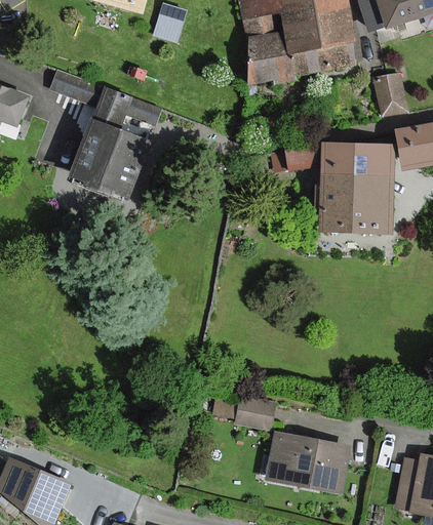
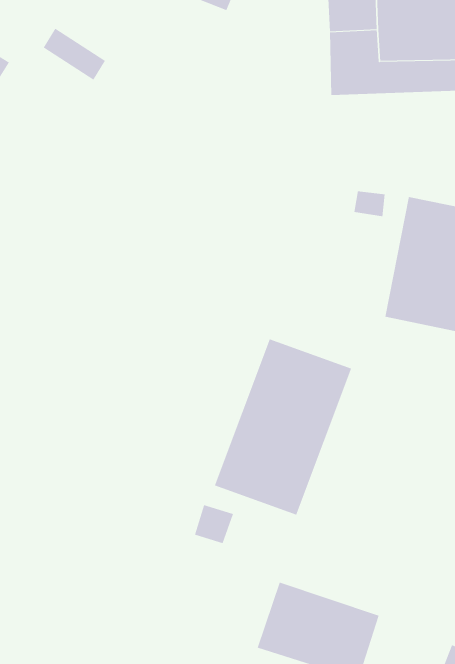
building: [70,87,157,198] -> none
building: none -> [214,338,352,515]
building: [235,399,276,432] -> none

